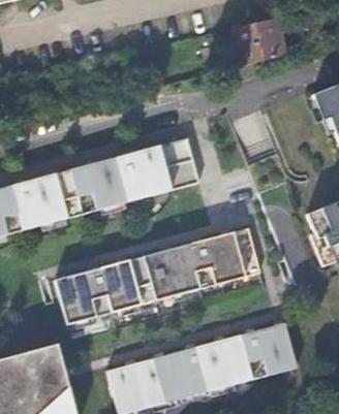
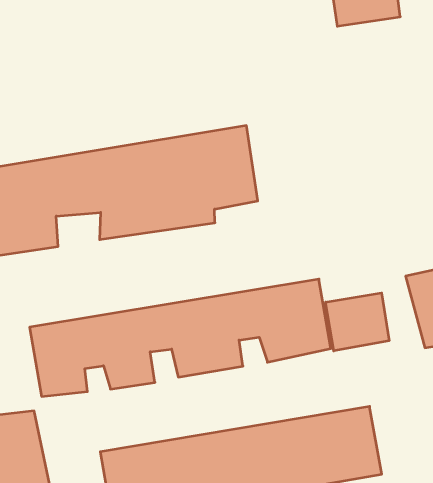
building: none -> [326,293,389,351]

